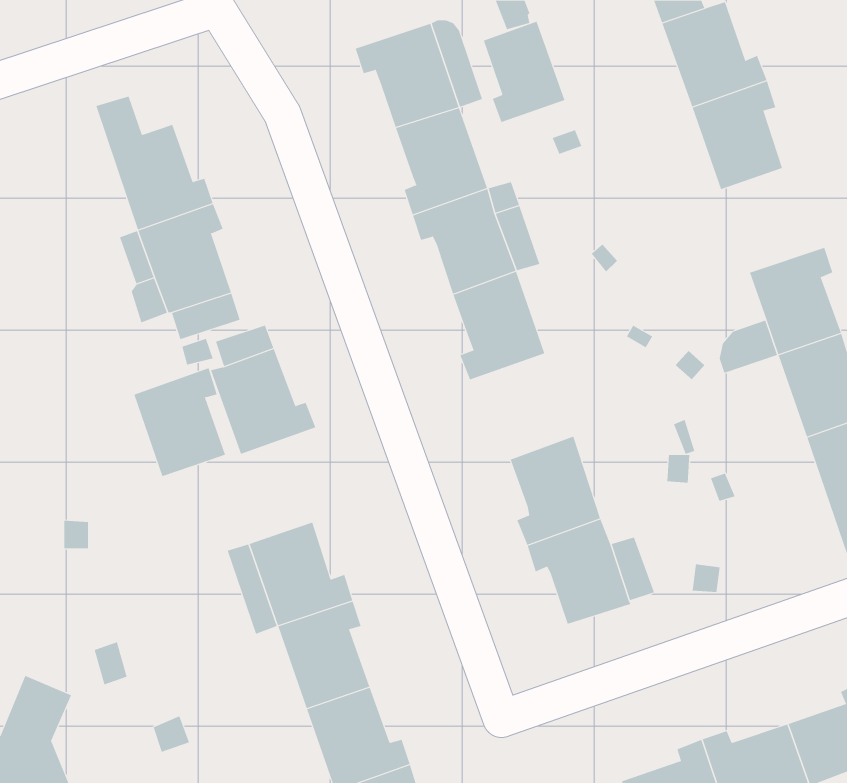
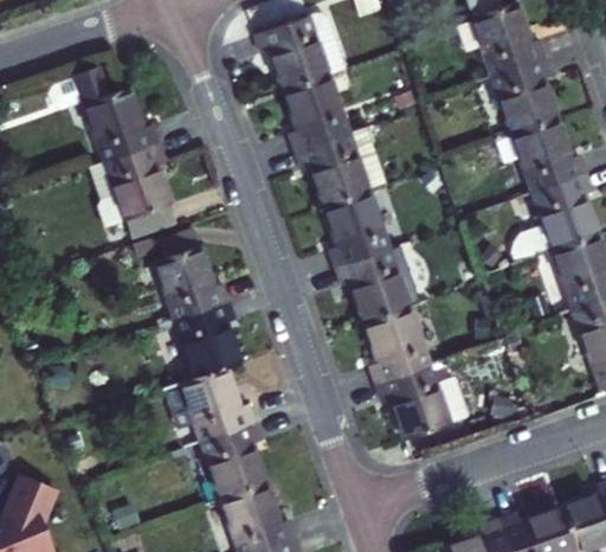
building: [483,21,565,123] -> none
building: none -> [512,118,586,192]
building: none -> [336,249,410,323]
building: [133,367,226,477] -> [175,301,240,378]

